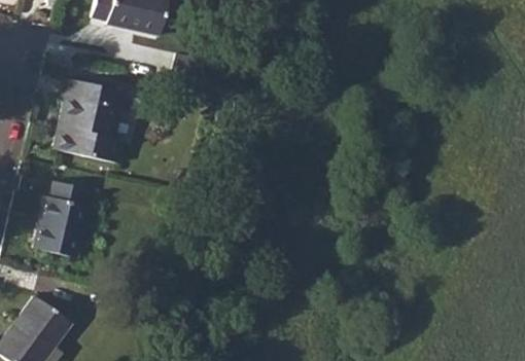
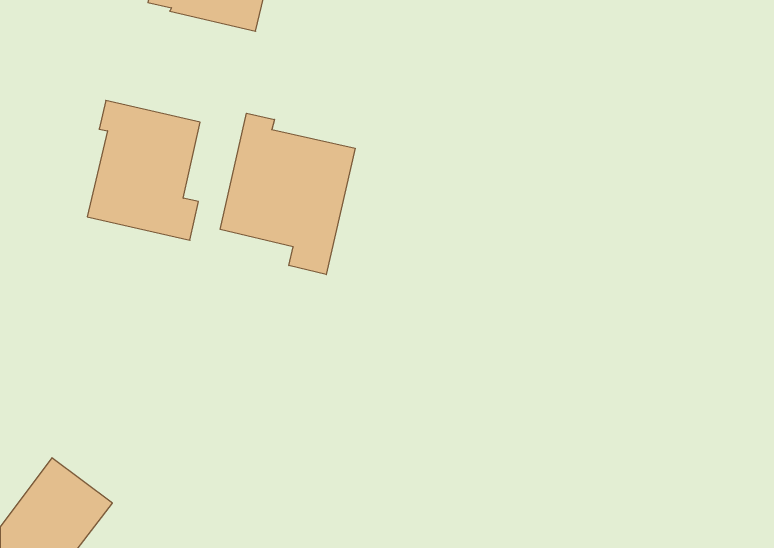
building: none -> [220,113,355,275]
building: [33,181,87,256] -> none

